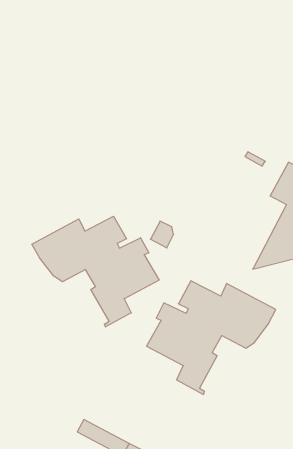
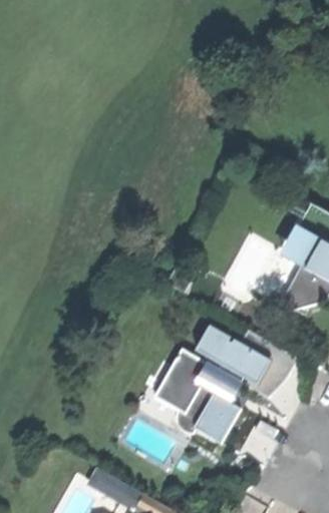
building: [32,216,159,327] -> none

